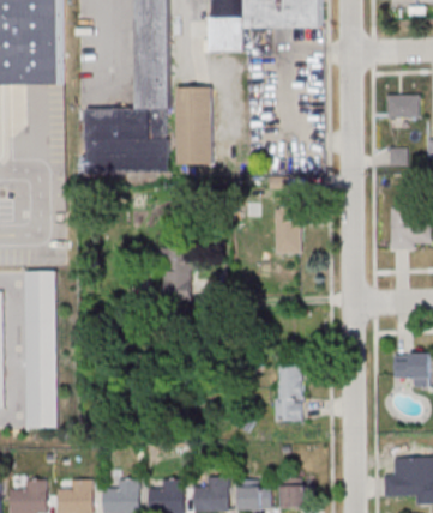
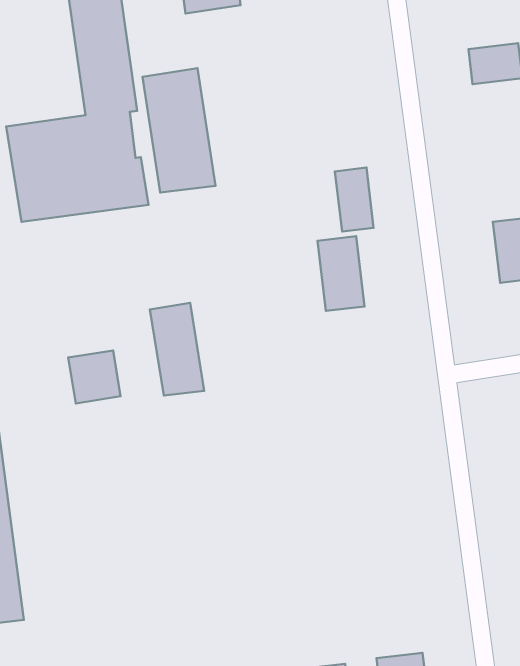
building: none -> [335,168,374,232]
building: none -> [68,350,120,403]
building: [273,361,302,421] -> none

